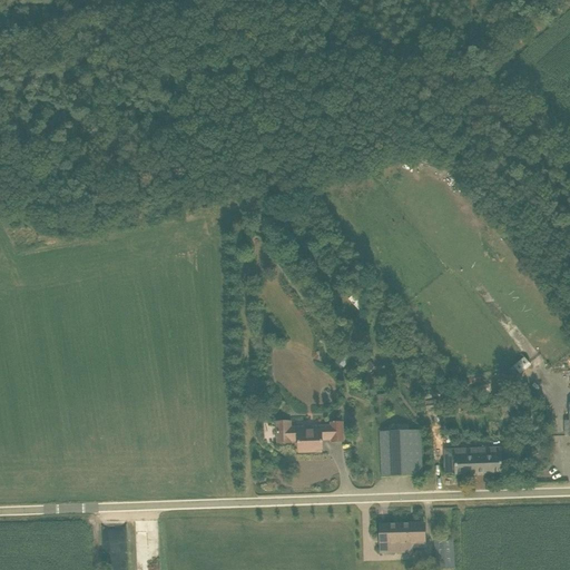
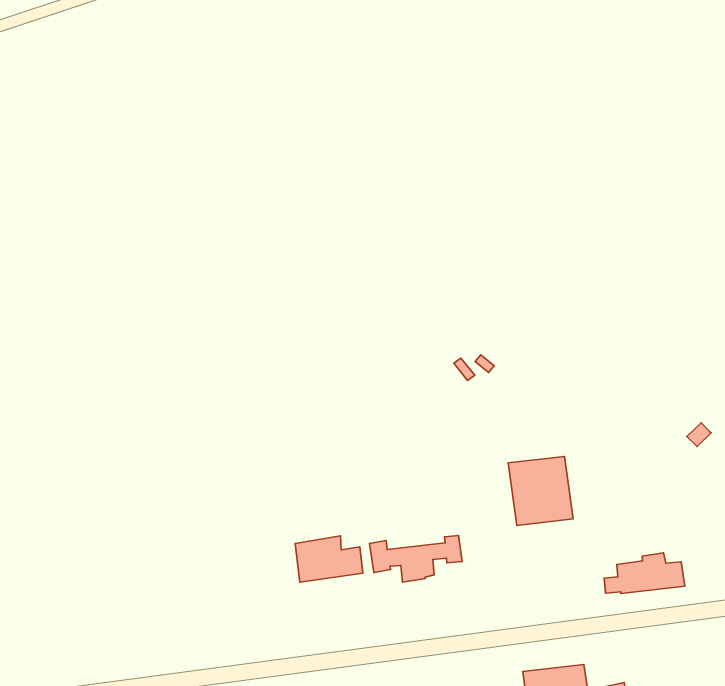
building: none -> [295,536,363,582]
building: [379,429,422,475] -> [508,456,573,525]

